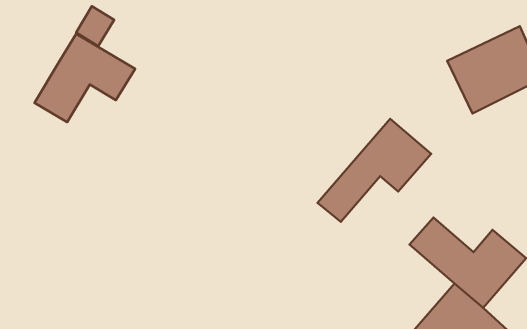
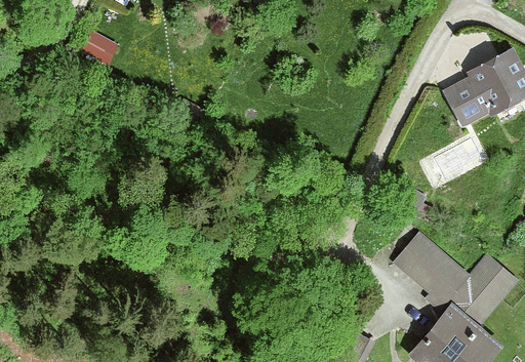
building: [34,34,135,122] -> none
building: [318,119,431,222] -> none

